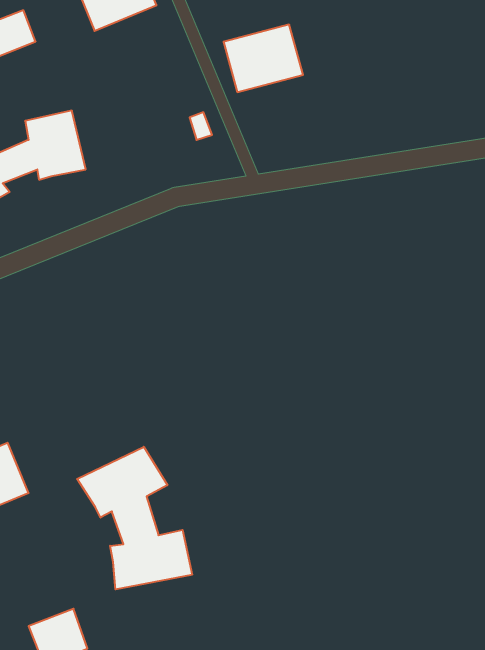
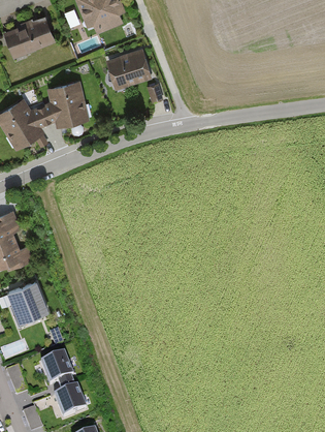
building: [223,25,303,92] -> [106,49,154,89]
building: [77,447,192,589] -> none
building: none -> [39,349,74,382]

